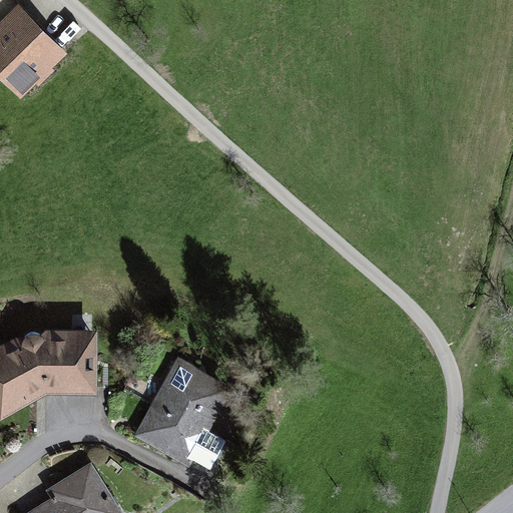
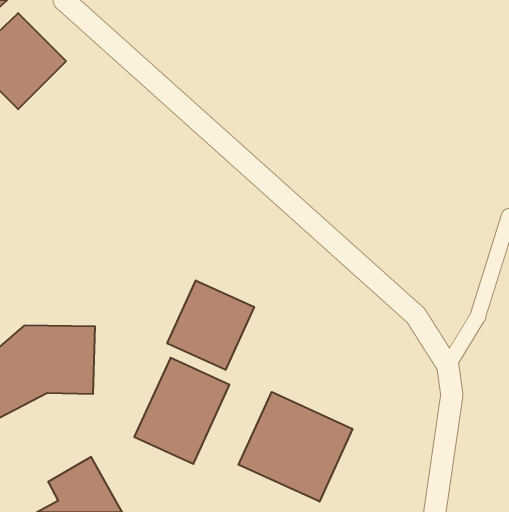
building: none -> [167,280,254,370]
building: none -> [239,392,352,502]

